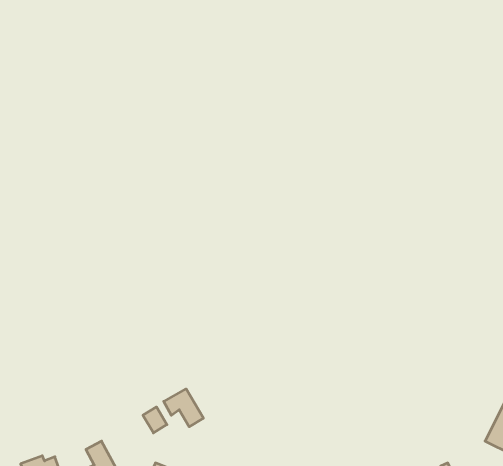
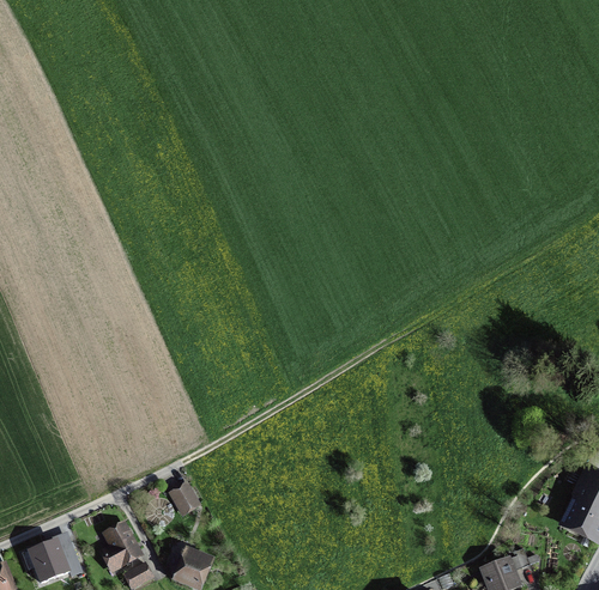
building: [164,389,203,427] -> none

